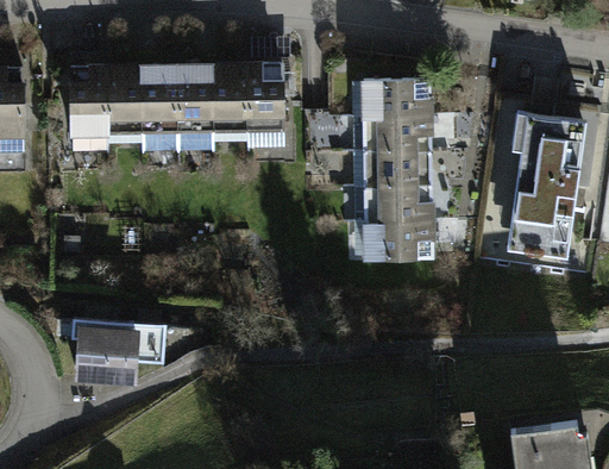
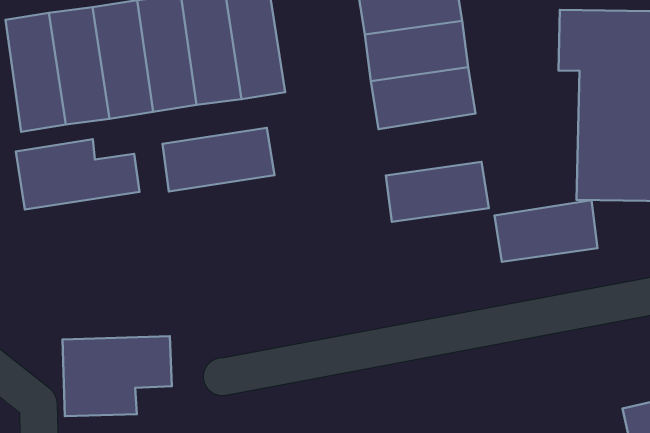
building: none -> [16,139,140,210]
building: none -> [162,128,275,191]
building: [351,185,431,225] -> [494,200,598,262]

